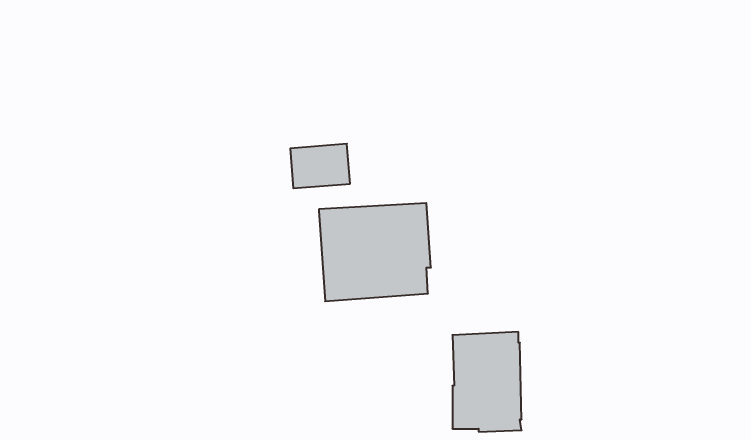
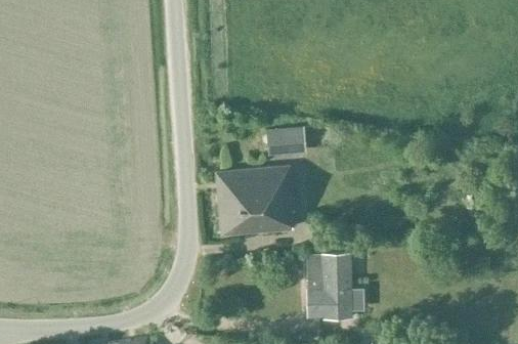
building: [290,144,350,188] -> [265,127,305,157]

